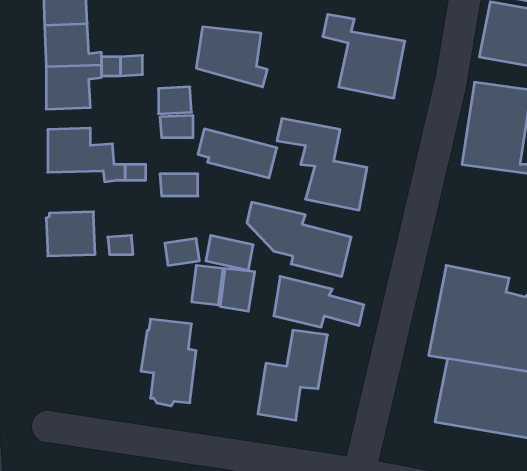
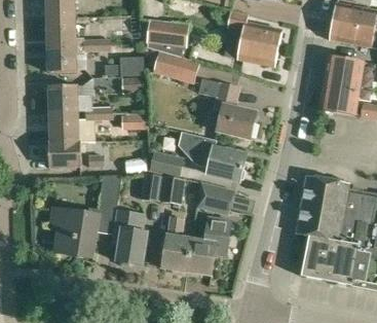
building: [198,129,277,178] -> [146,51,197,83]
building: none -> [49,112,95,141]
building: none -> [50,173,121,256]
building: none -> [161,216,191,271]

